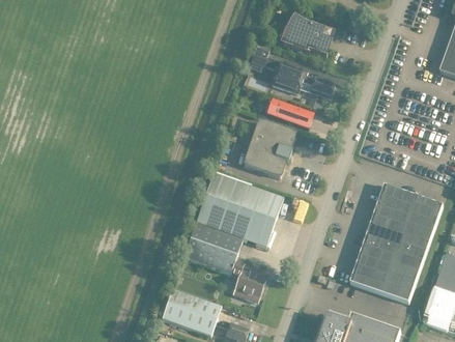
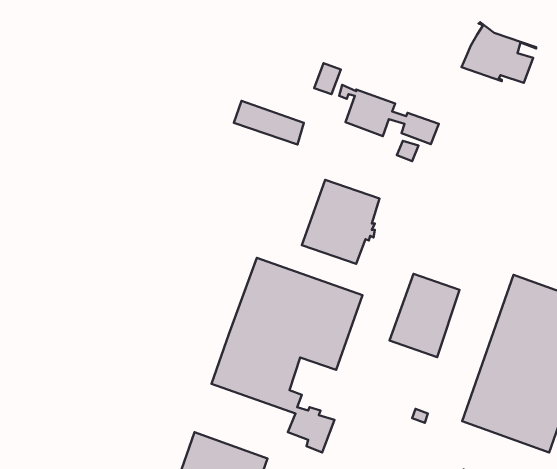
building: [281,12,331,53] -> [461,22,536,83]
building: [265,98,312,127] -> [234,101,304,145]
building: none -> [390,274,460,357]

